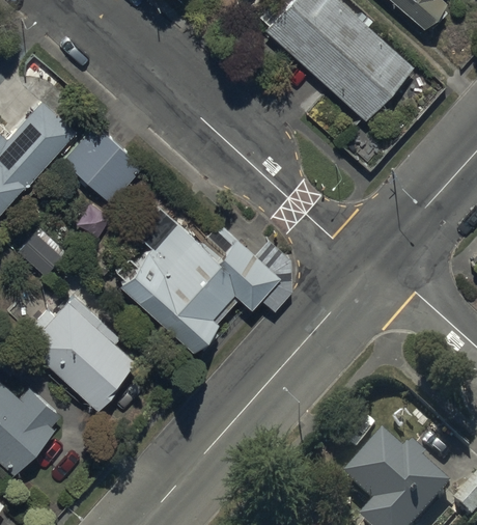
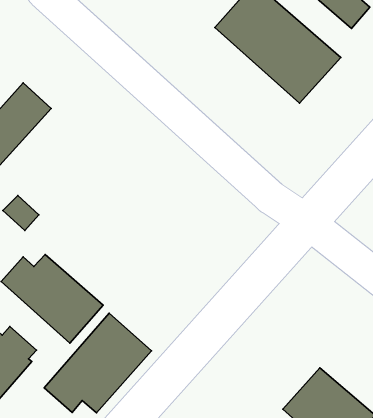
building: [60,128,141,208] -> none
building: [122,211,278,349] -> none
building: none -> [44,313,152,413]

